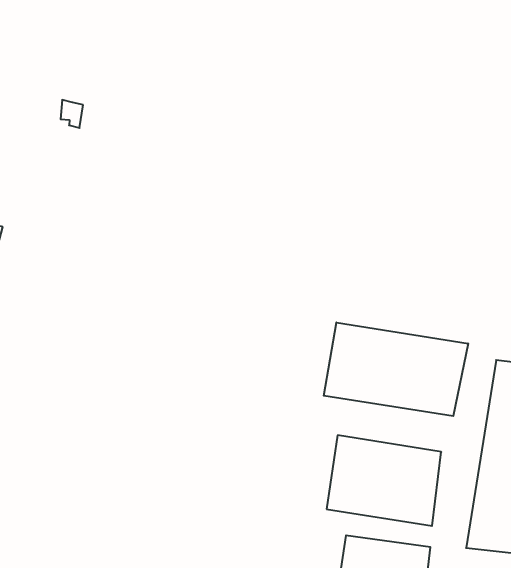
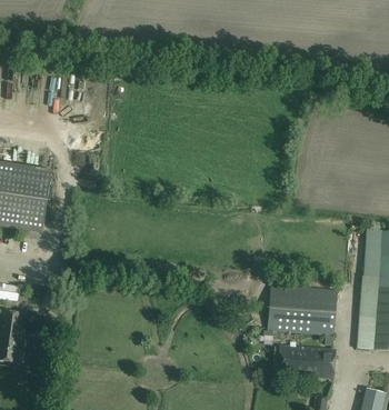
building: [324,322,468,416] -> none

